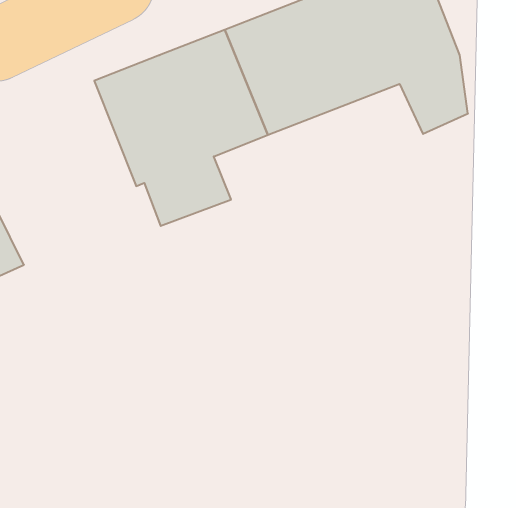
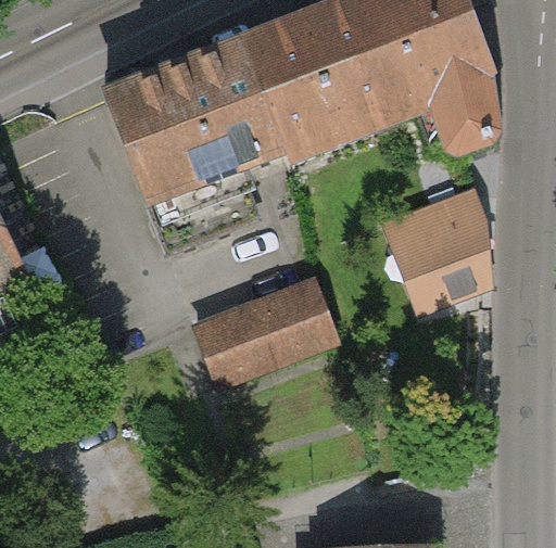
building: none -> [379,182,492,315]
building: none -> [192,276,343,390]

